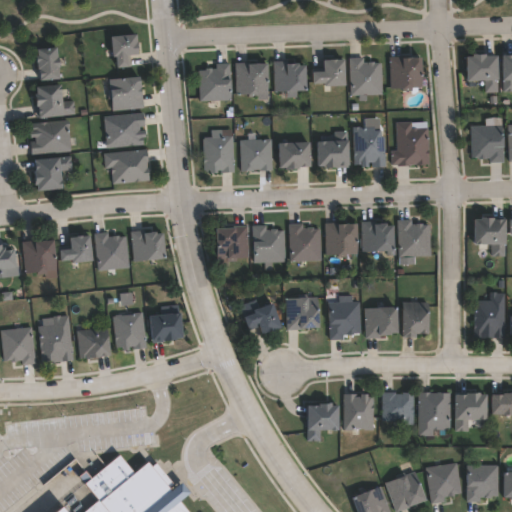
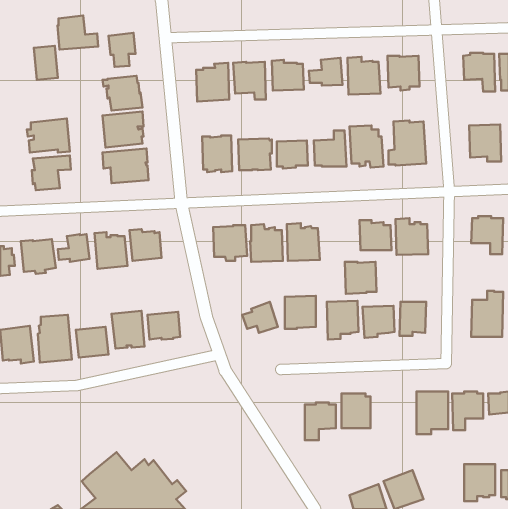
building: [34,83,75,117] -> [57,15,98,49]
building: [325,223,357,255] -> [345,262,377,294]
building: [382,392,414,425] -> none
building: [426,463,462,505] -> none

